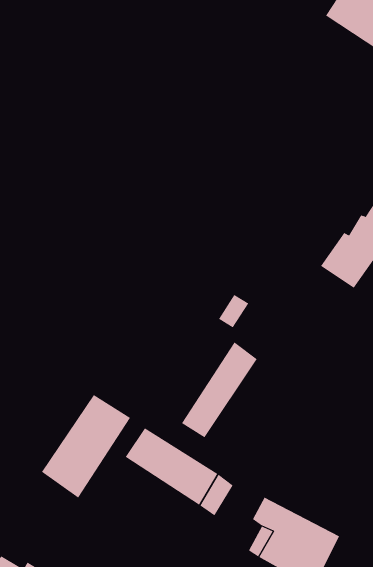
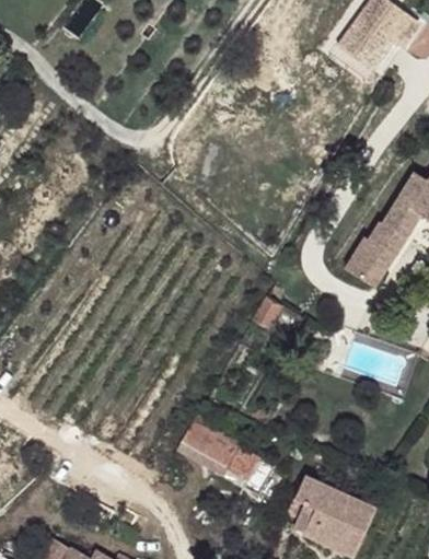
building: [181,342,258,438] -> none
building: [41,394,131,499] -> none

